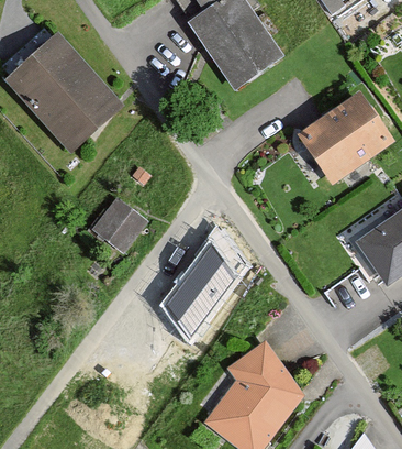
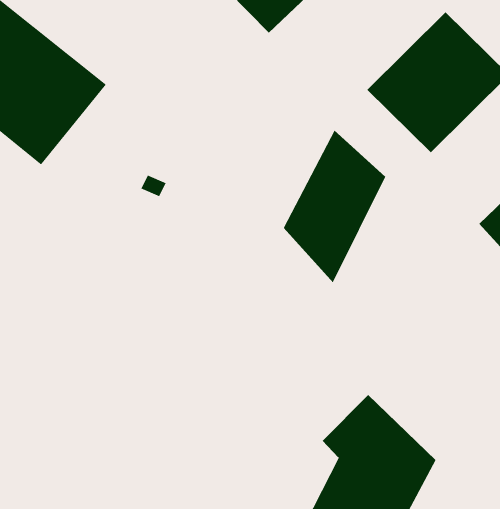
building: [87,197,142,254] -> none
building: [163,238,237,341] -> [283,129,386,284]

